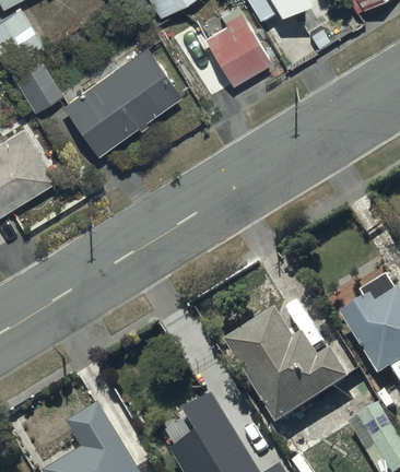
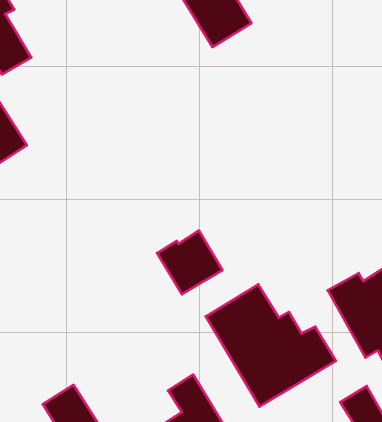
building: [63,47,180,153] -> none
building: none -> [157,231,222,294]

